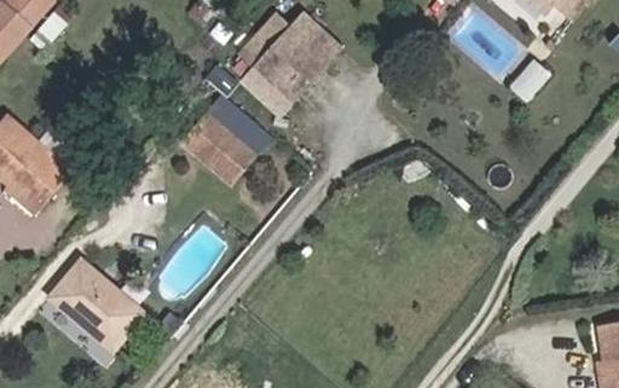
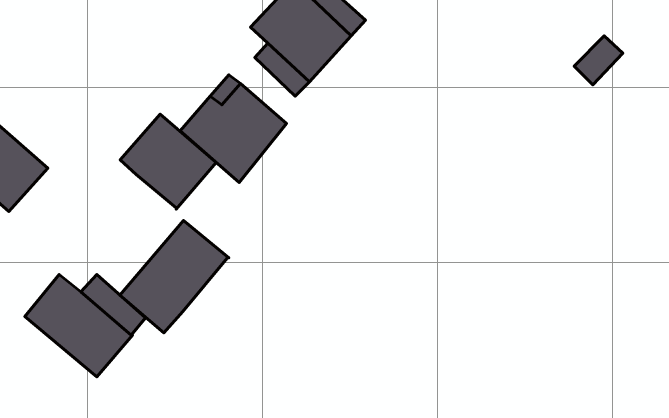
building: none -> [120,114,216,209]
building: none -> [120,220,229,333]

